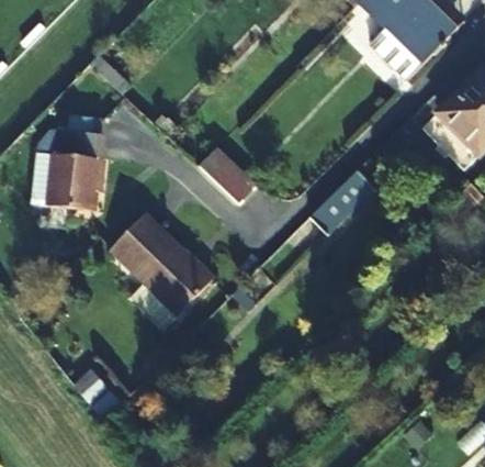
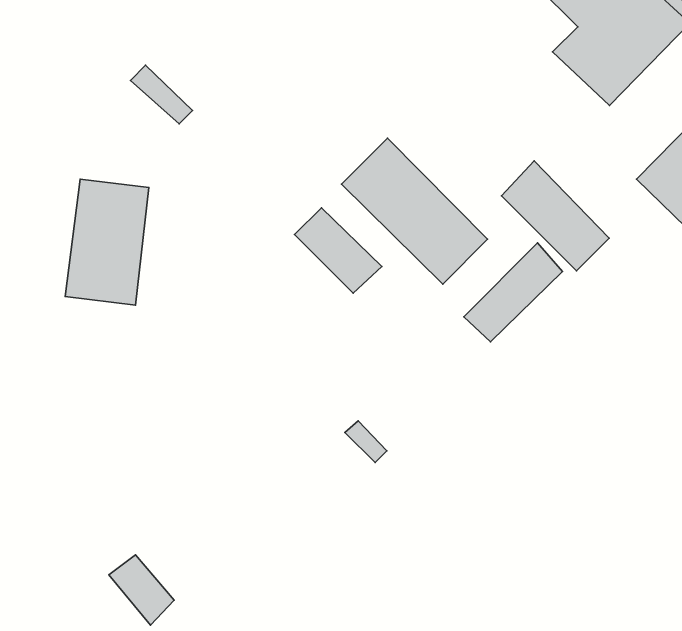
building: none -> [341,138,488,284]
building: none -> [502,161,609,271]
building: [110,215,212,316] -> none

